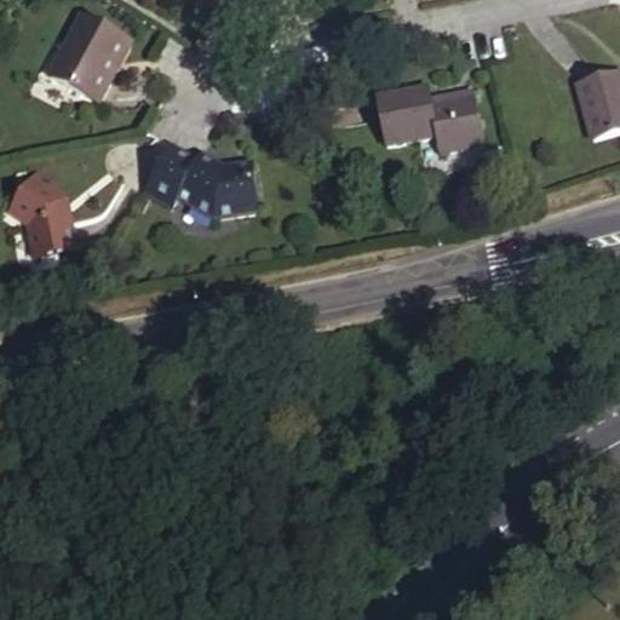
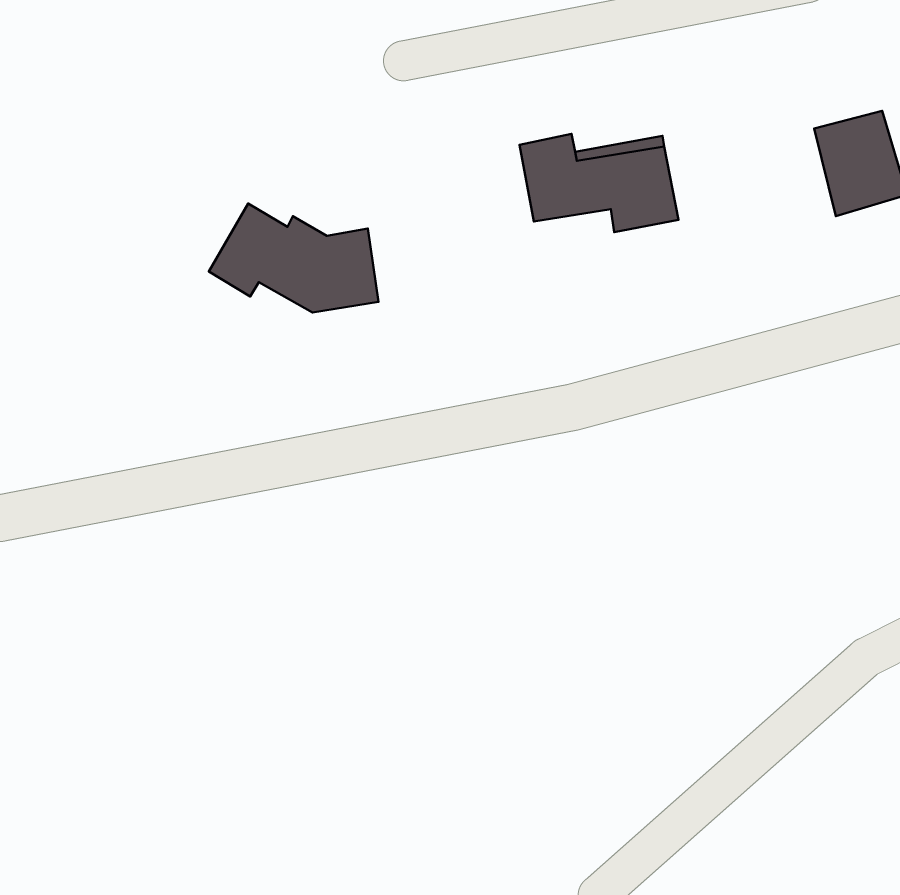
building: [52,6,128,93] -> none
building: [21,162,85,249] -> none

